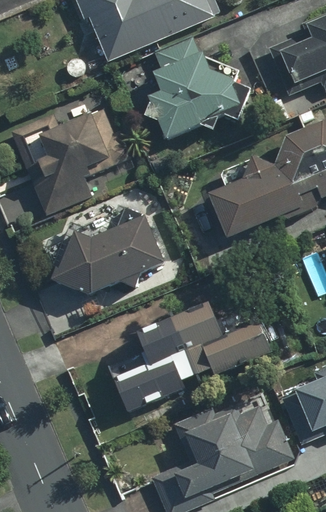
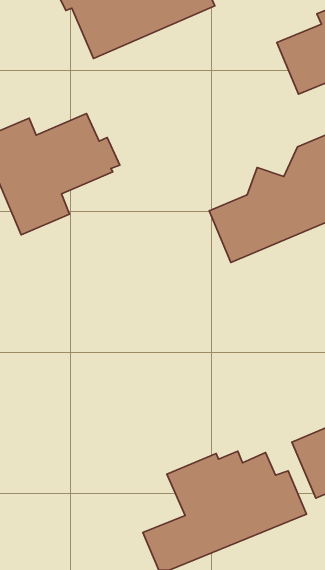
building: [148,37,240,136] -> none
building: [51,216,165,296] -> none
building: [116,303,271,411] -> none

